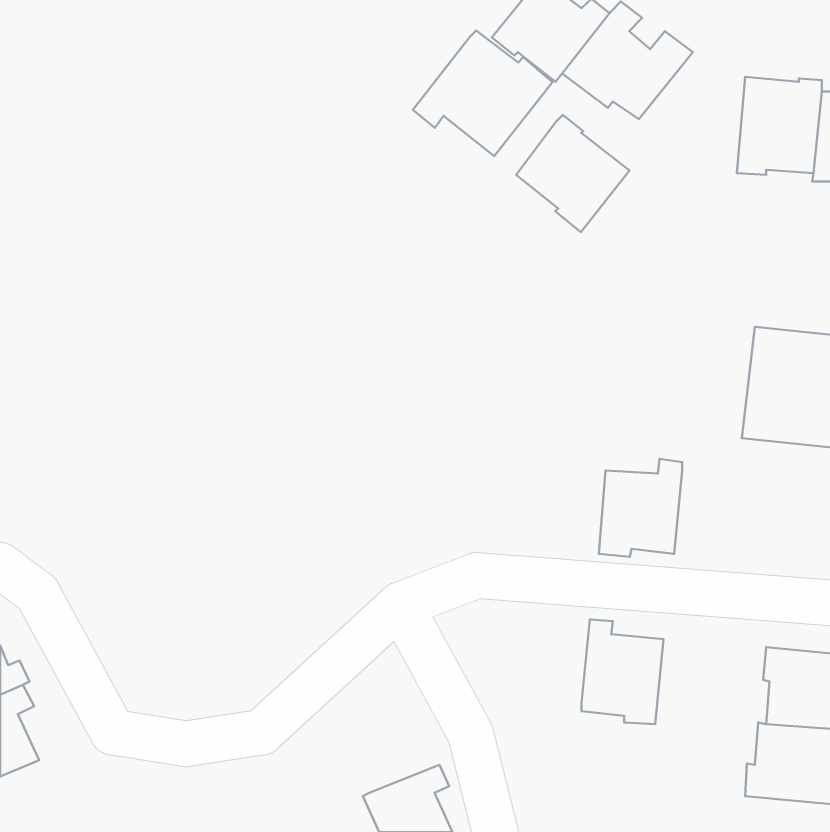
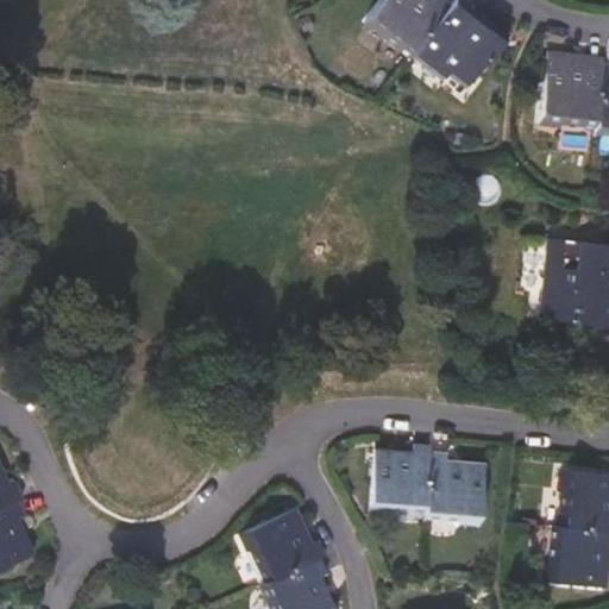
building: [413,30,553,156] -> none
building: [516,115,629,232] -> none
building: [599,459,682,557] -> [372,442,433,514]
building: none -> [246,508,328,577]

